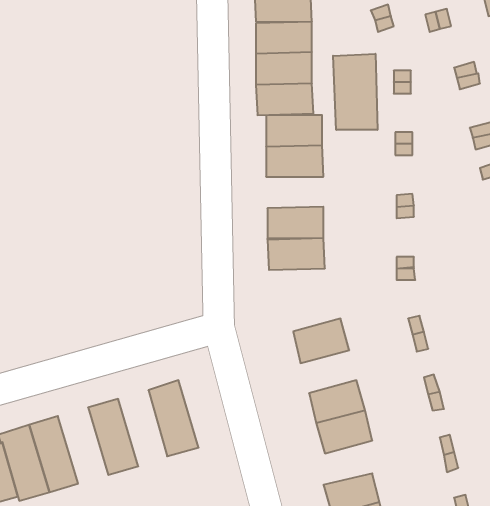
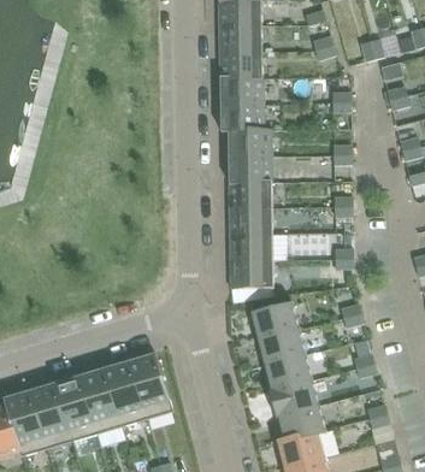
building: [333,54,377,130] -> none
building: none -> [228,182,276,208]
building: none -> [229,259,277,288]
building: none -> [256,328,303,364]
building: none -> [104,361,144,425]
building: none -> [53,376,95,439]
building: none -> [277,403,323,439]

